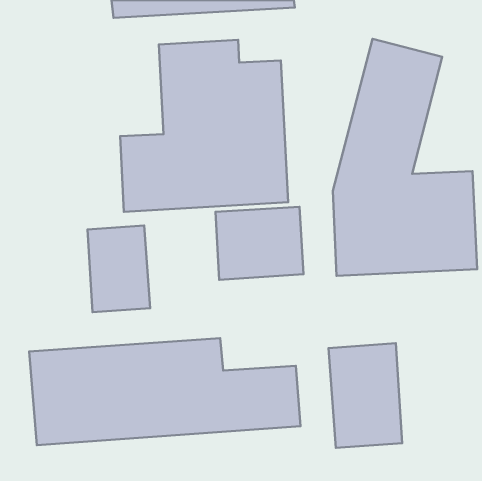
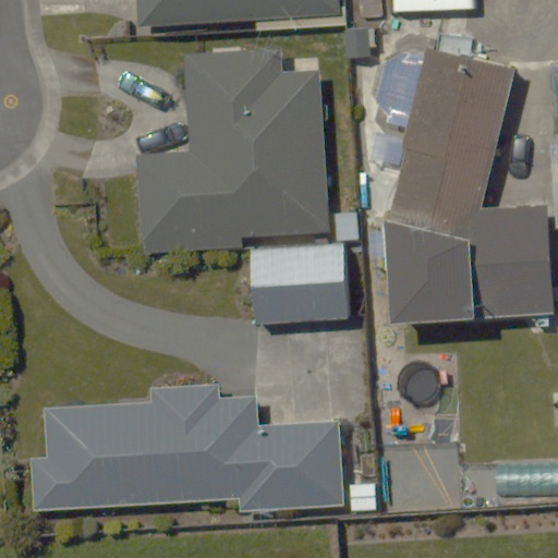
building: [87,226,150,312] -> none
building: [329,343,402,448] -> none

